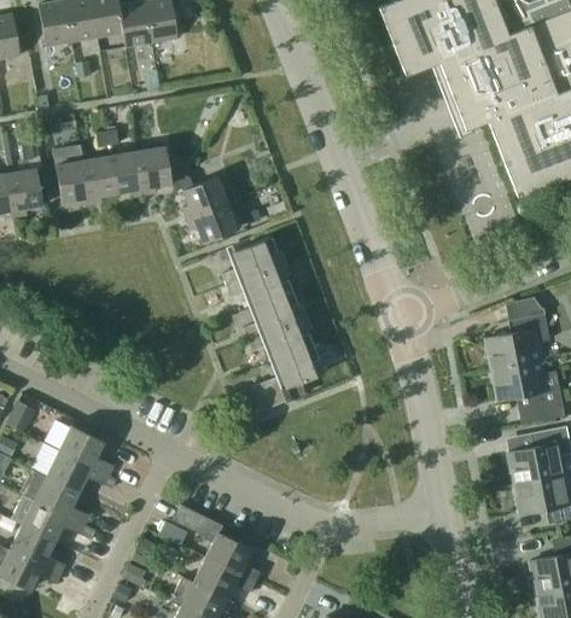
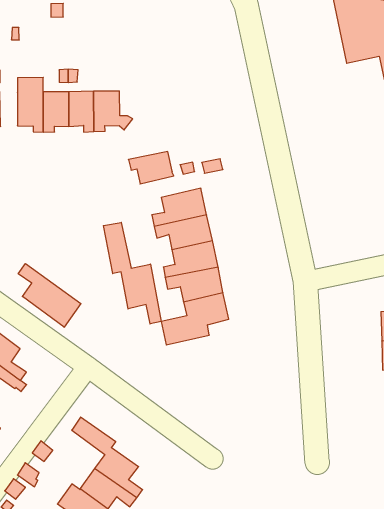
building: [176,173,227,217] -> none
building: none -> [103,222,161,324]
building: none -> [18,264,81,327]

